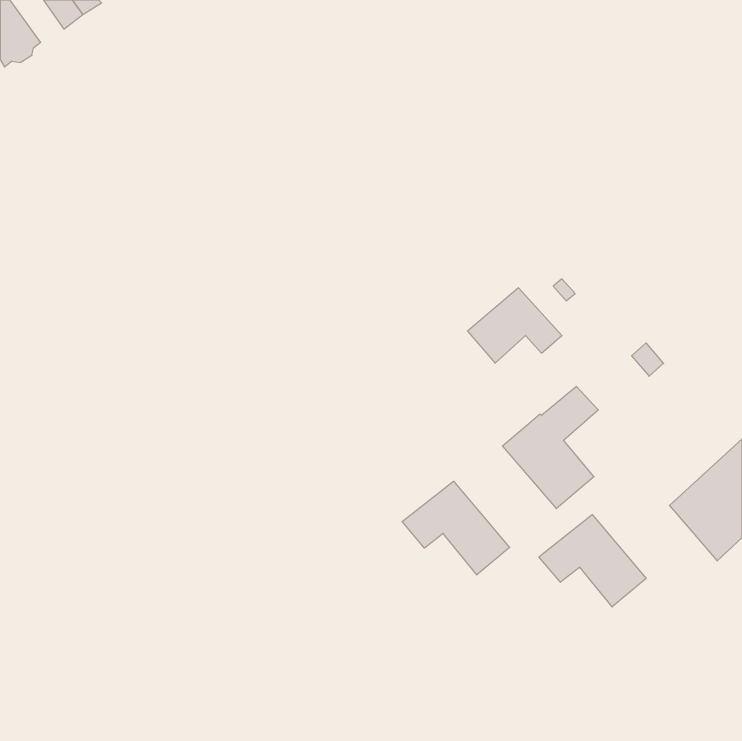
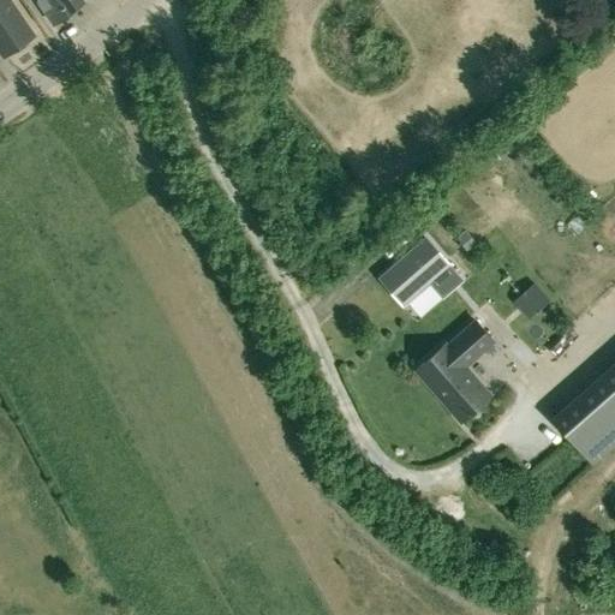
building: [402,481,510,575] -> none
building: [539,515,646,607] -> none

